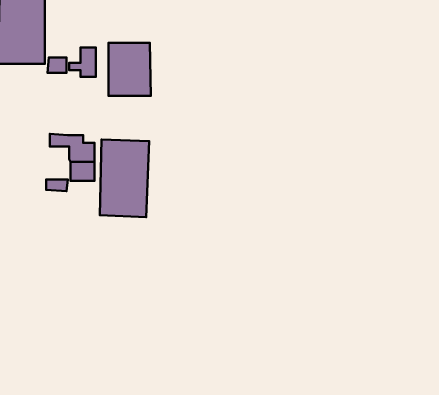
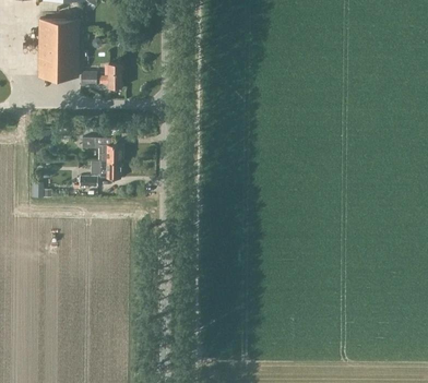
building: [109,43,151,96] -> none
building: [100,140,149,217] -> none

